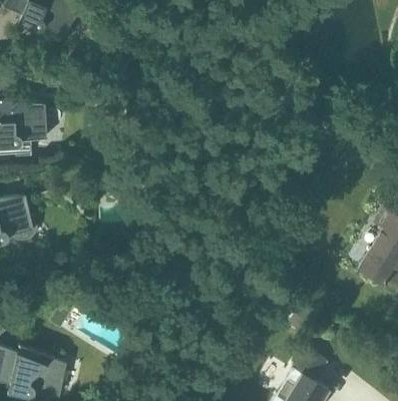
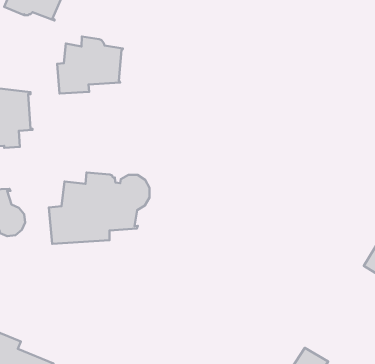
building: none -> [57,36,123,94]
building: none -> [49,173,150,244]

